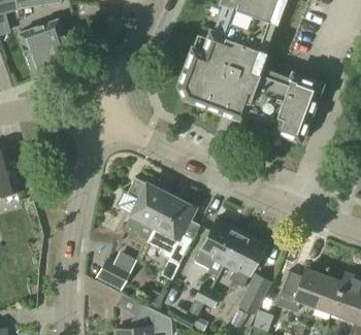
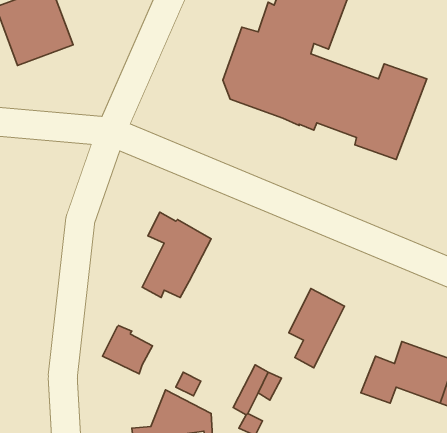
building: [147,196,196,264] -> none
building: [196,220,241,268] -> none
building: [238,273,271,314] -> none

